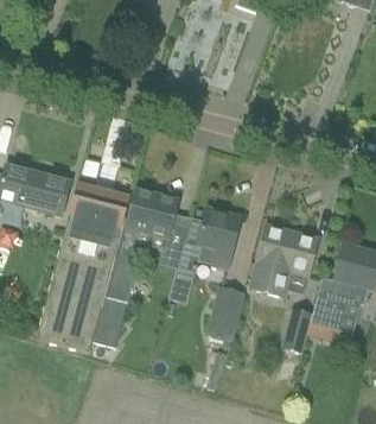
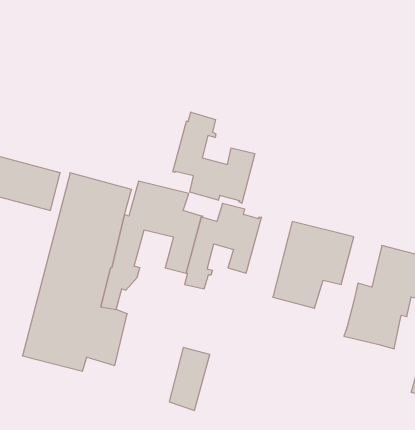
building: none -> [173,112,255,203]
building: [208,286,242,340] -> [169,347,210,410]
building: [281,308,311,352] -> none

